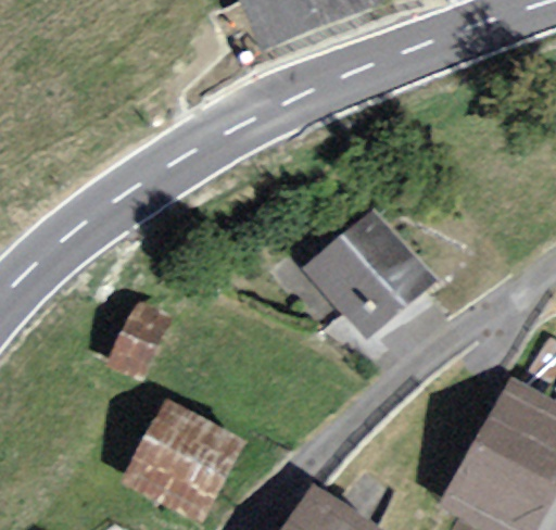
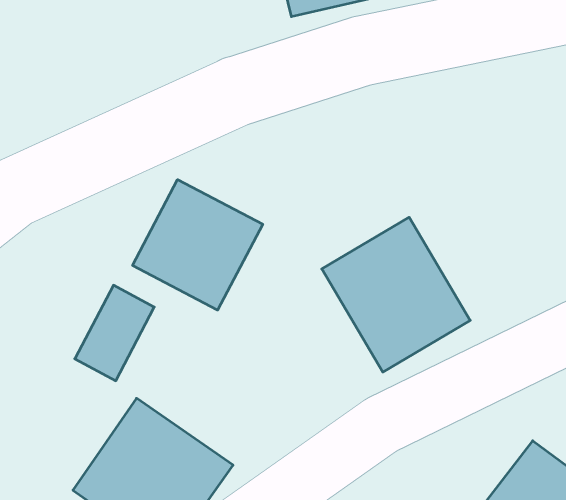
building: none -> [133,180,263,310]

